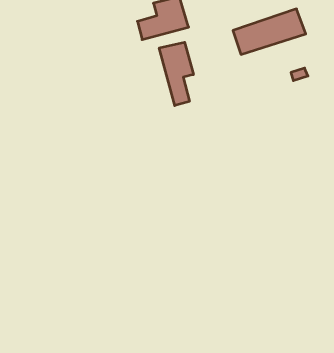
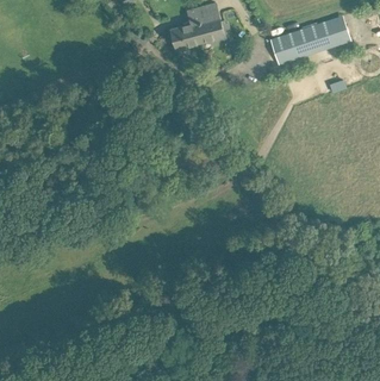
building: [159,42,193,106] -> none

